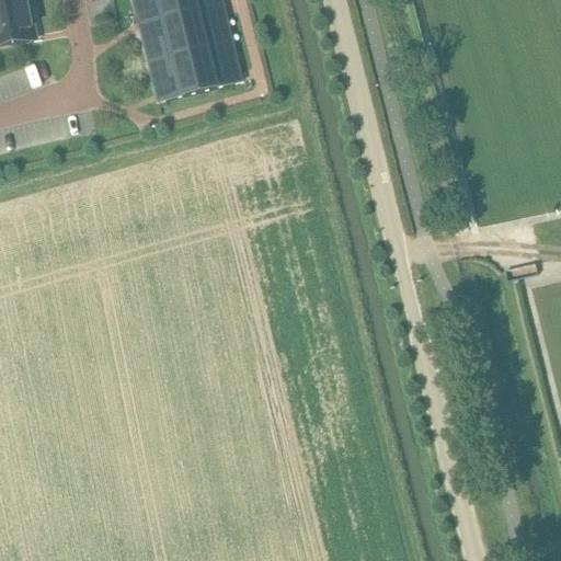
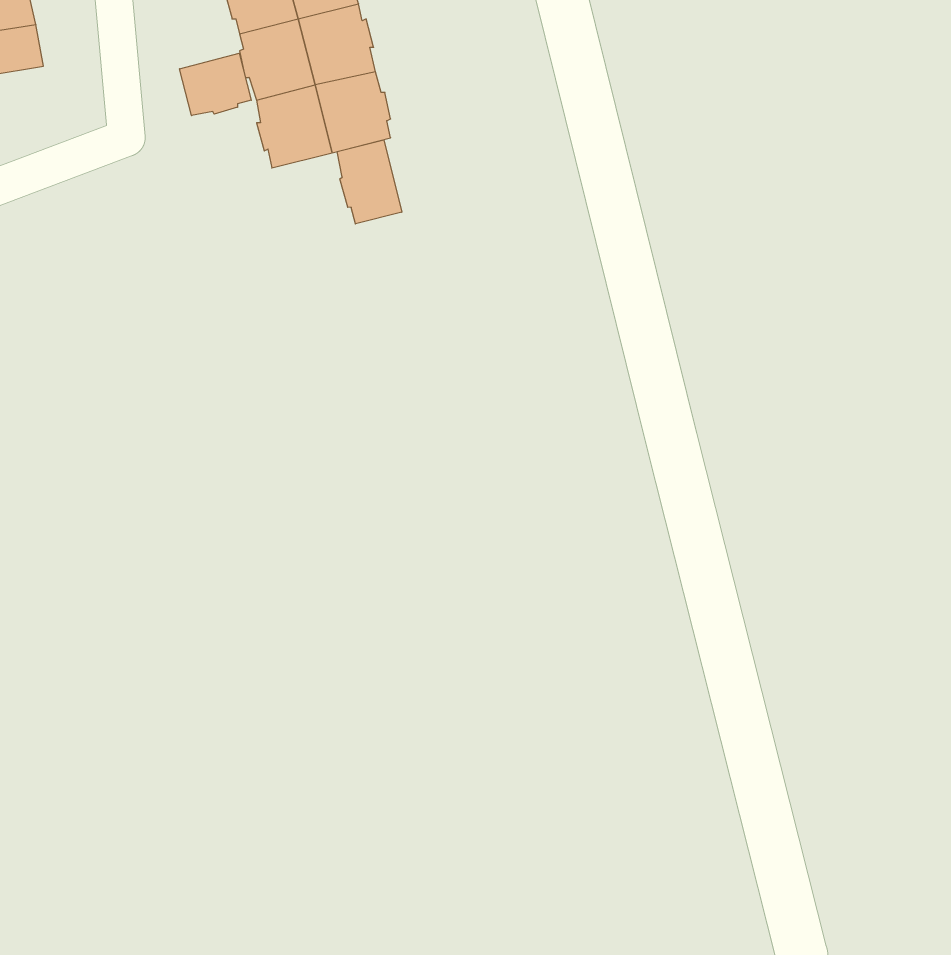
building: none -> [180,53,251,116]
building: none -> [337,140,402,224]

